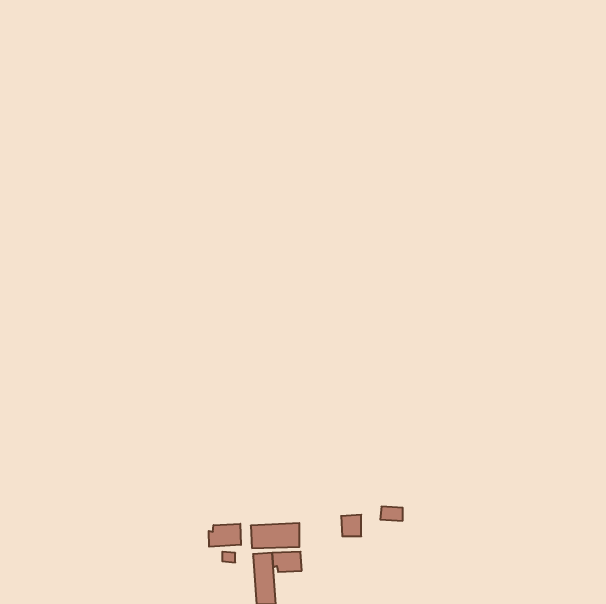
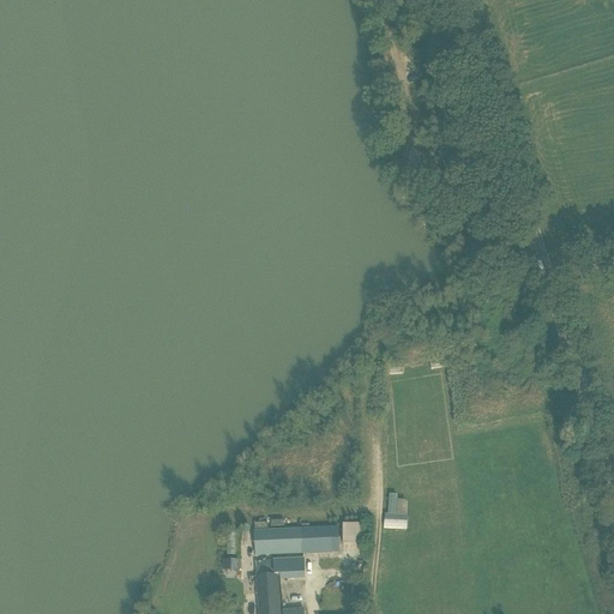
building: none -> [303,526,330,552]
building: [209,524,241,547] -> none

